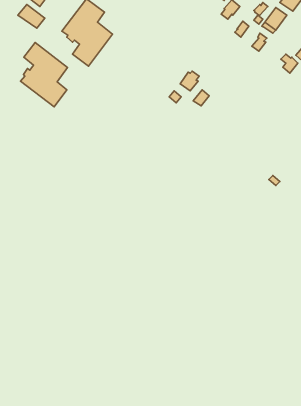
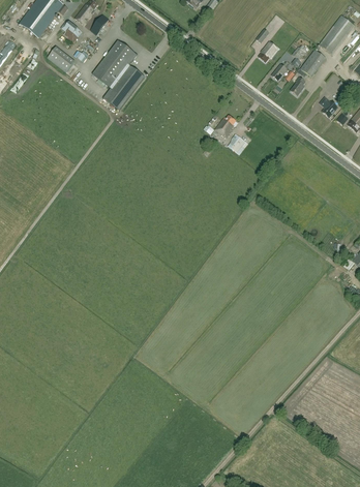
building: [21,43,67,107] -> none

